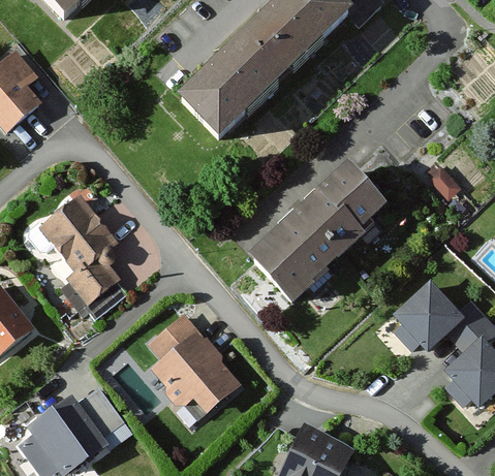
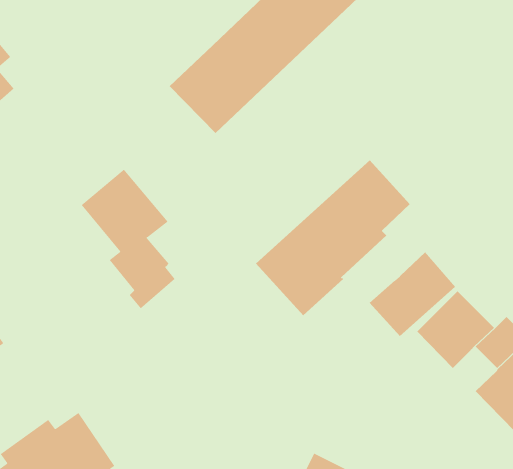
building: [37,194,121,318] -> [81,169,175,309]
building: none -> [369,252,456,337]
building: [143,312,239,415] -> none

